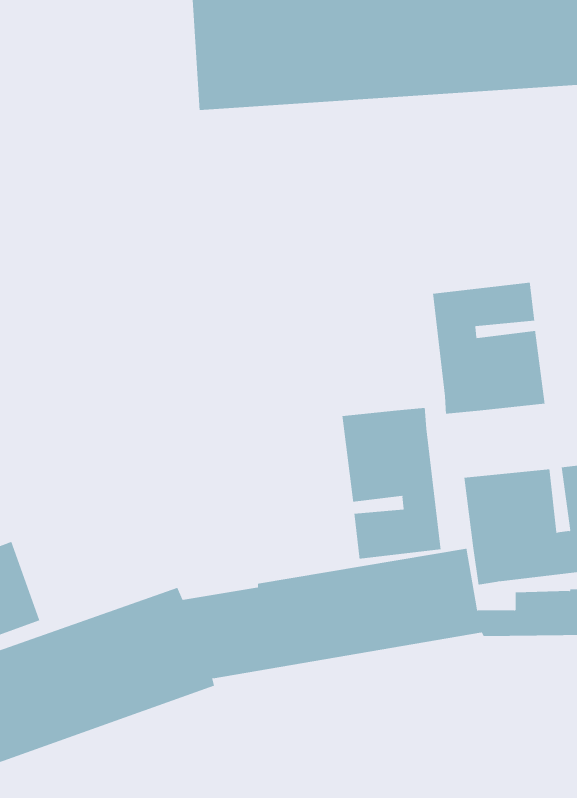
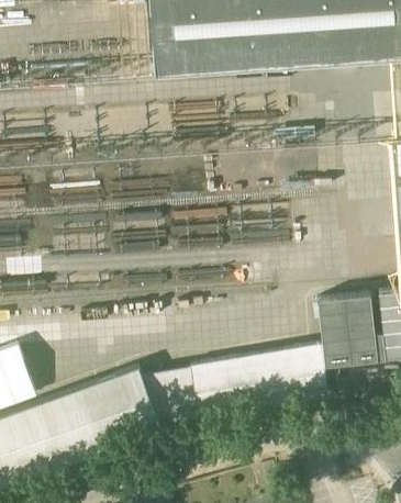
building: [433,282,545,414] -> none
building: [342,407,441,559] -> none

